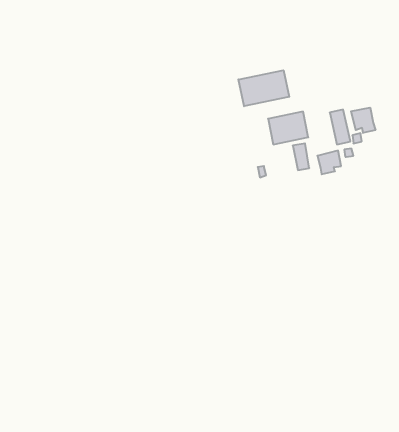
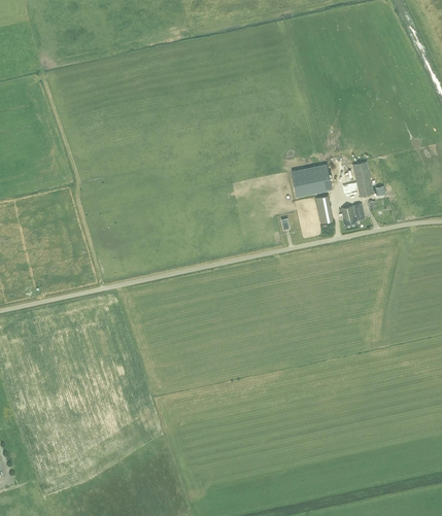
building: [238,70,289,106] -> none
building: [351,108,375,133] -> none

